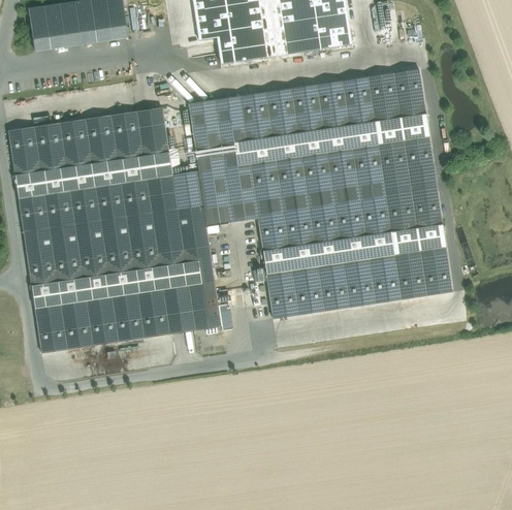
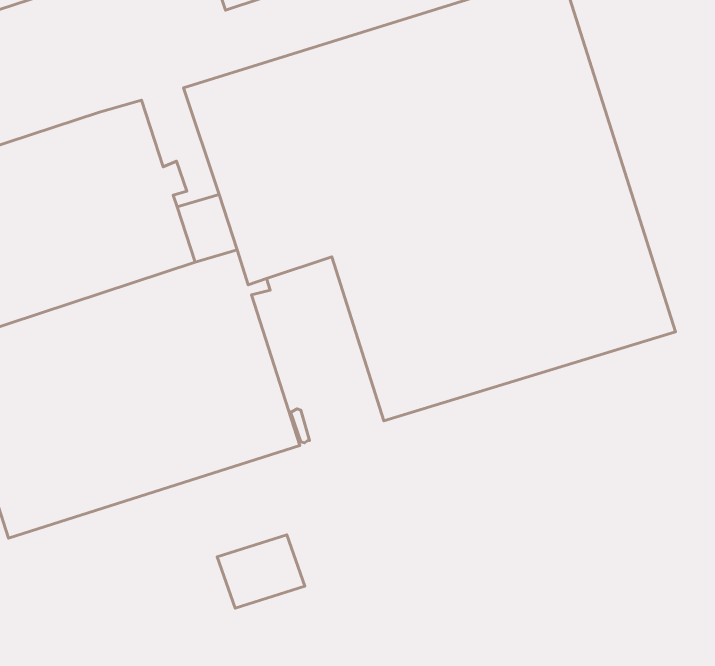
building: none -> [217,535,305,608]

